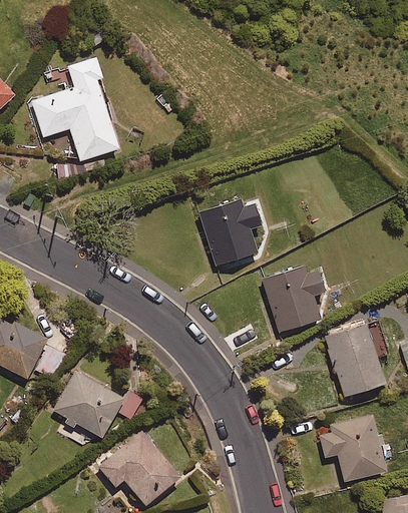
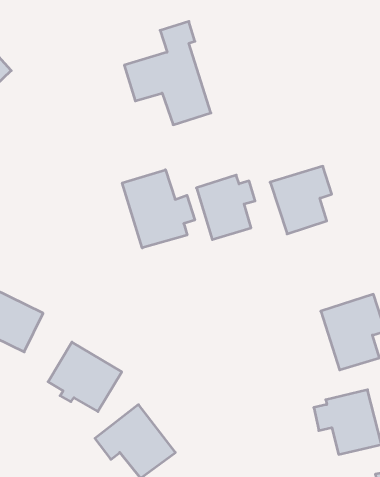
building: [31,57,118,161] -> [124,21,211,125]
building: none -> [122,170,195,248]
building: [263,265,325,333] -> [270,166,332,234]

